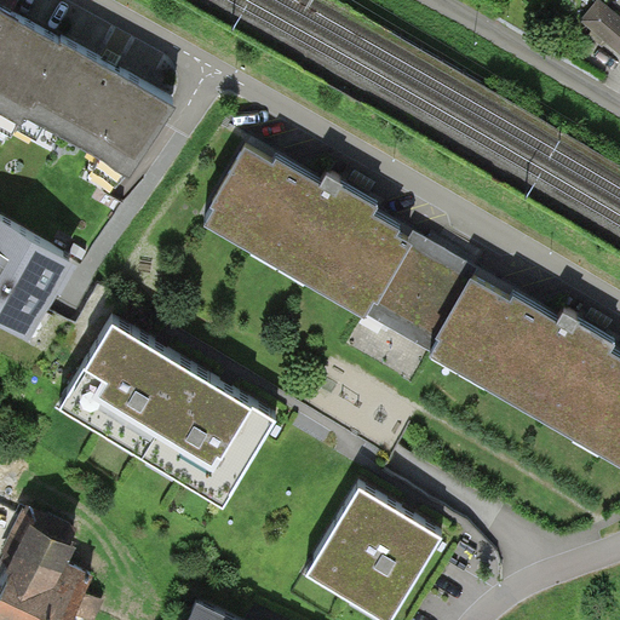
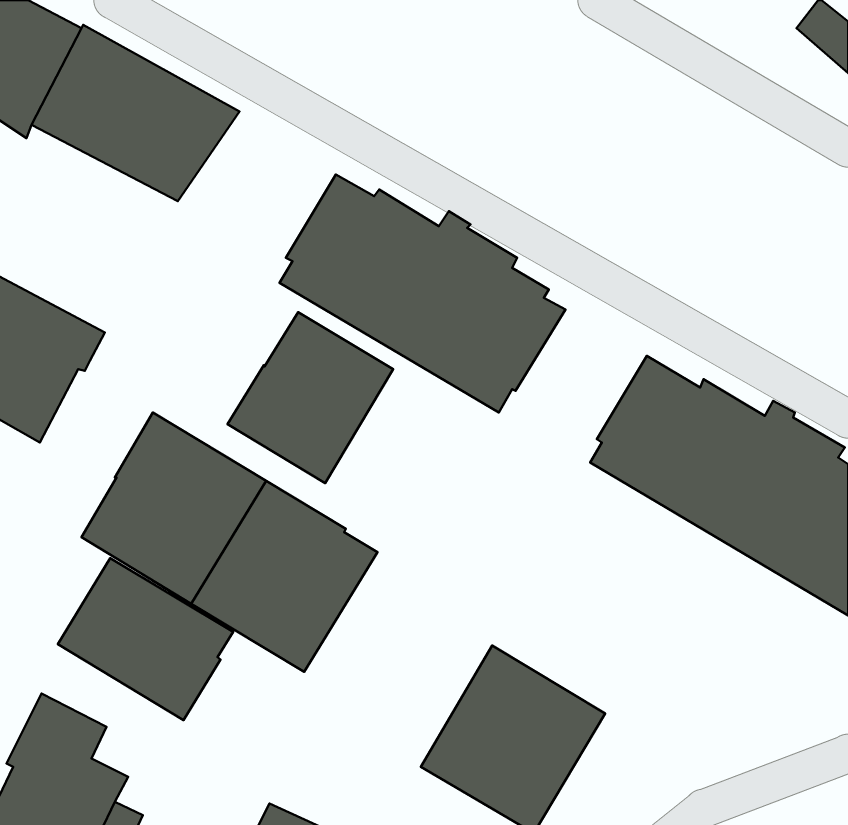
building: [363,240,471,355] -> none
building: none -> [228,312,393,483]
building: none -> [58,558,233,720]

